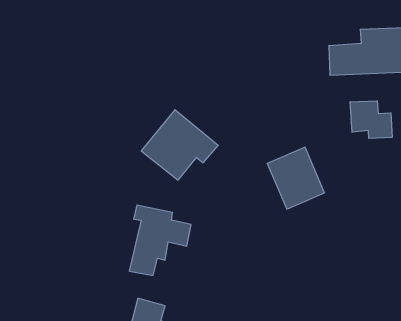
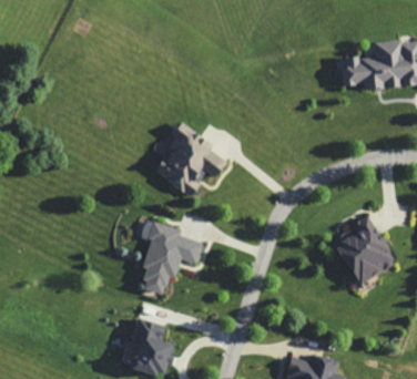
building: [350,101,392,138] -> none
building: [267,147,325,209] -> [332,219,390,283]

